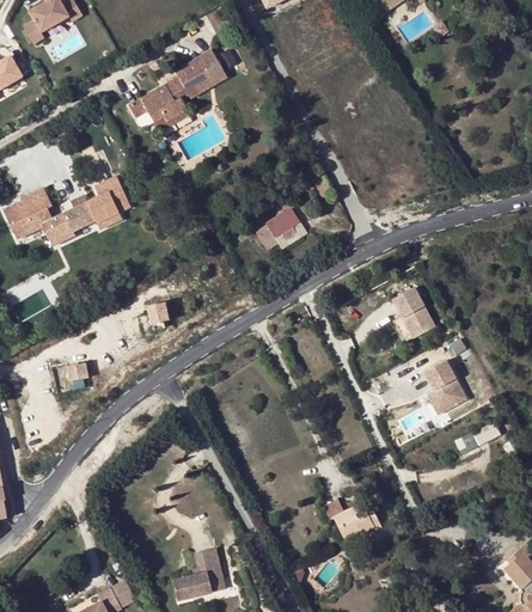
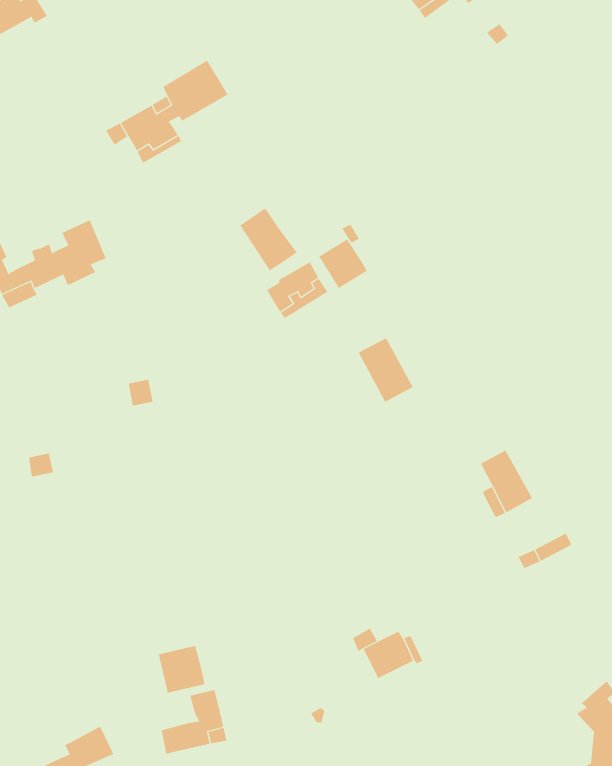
building: none -> [239,207,298,271]
building: none -> [319,238,367,289]
building: [391,286,435,337] -> [358,338,414,402]
building: none -> [158,645,205,694]

